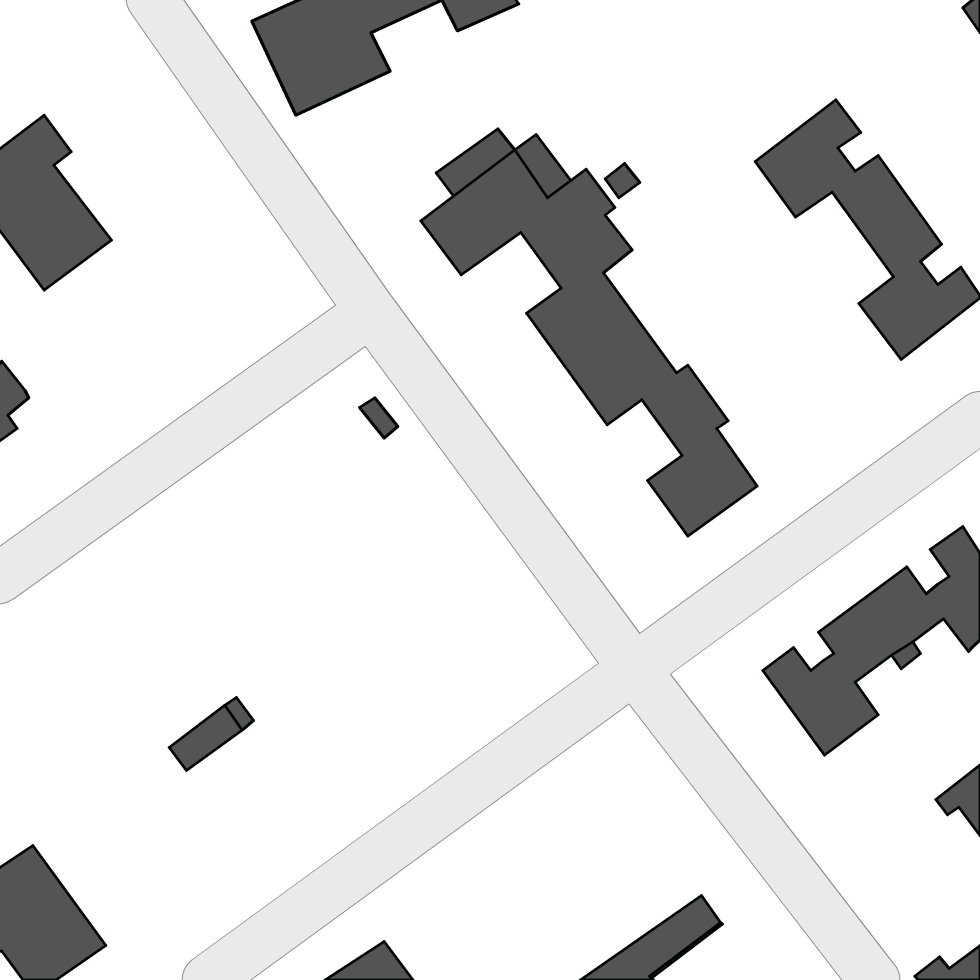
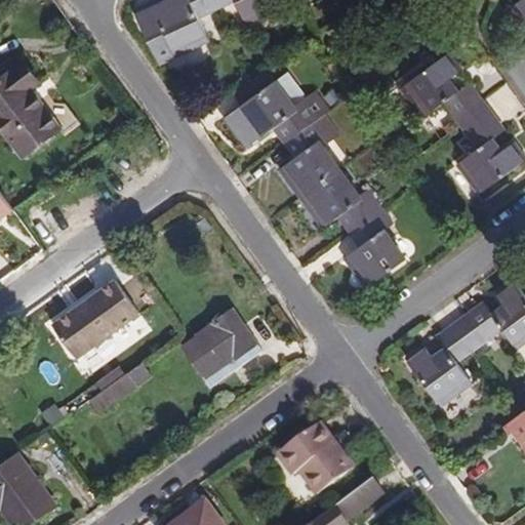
building: none -> [48,276,142,357]
building: none -> [181,308,262,387]
building: none -> [278,422,353,494]

